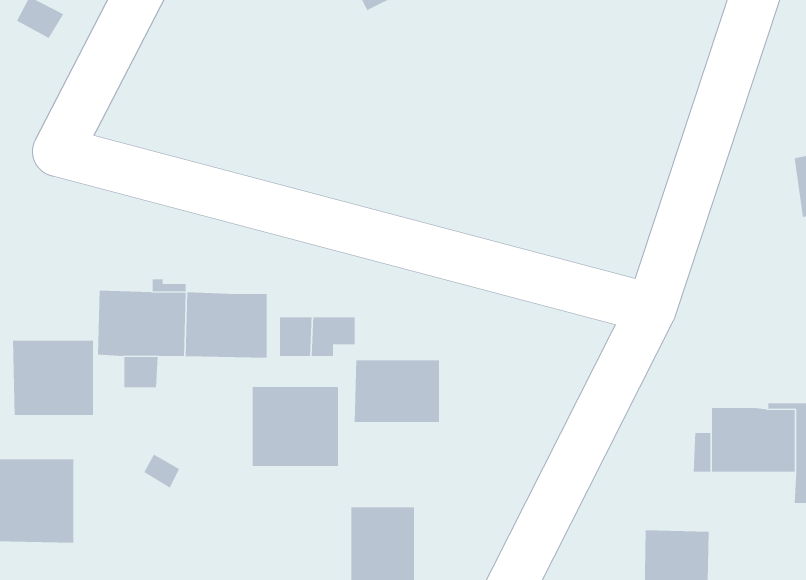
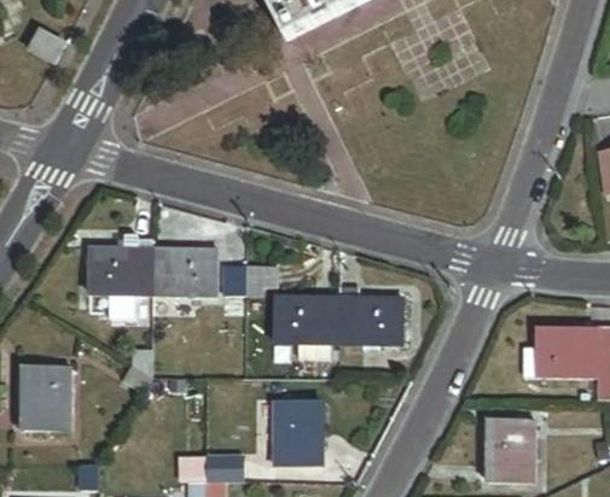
building: [13,340,94,416] -> none
building: none -> [338,296,403,341]
building: [252,386,339,467] -> none

